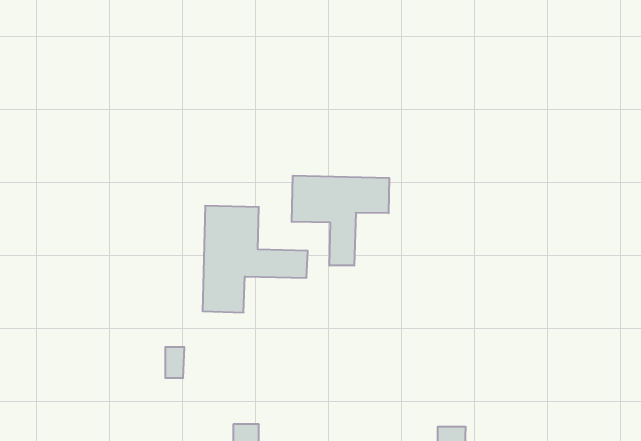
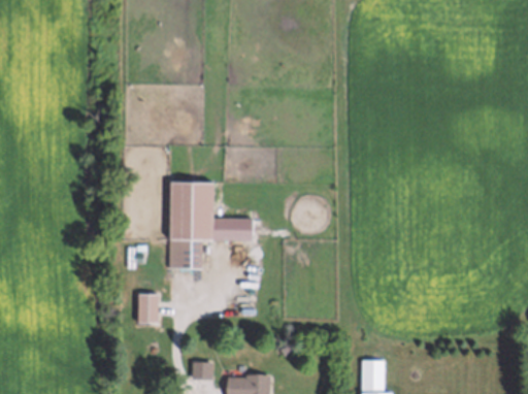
building: [292,176,389,266] -> none

